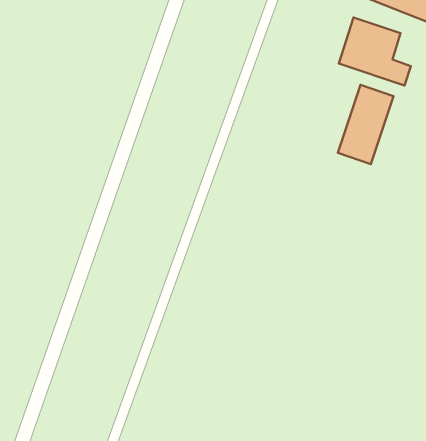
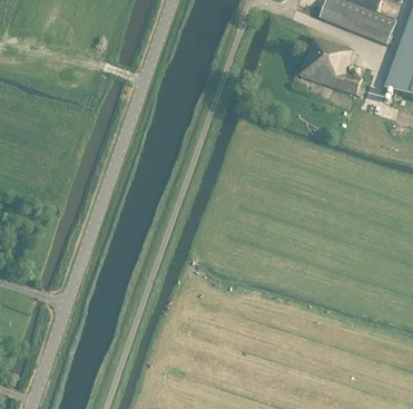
building: [338,85,393,164] -> none

